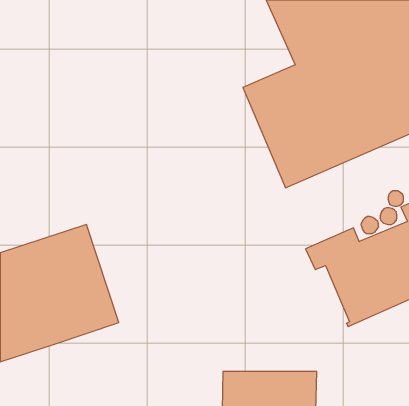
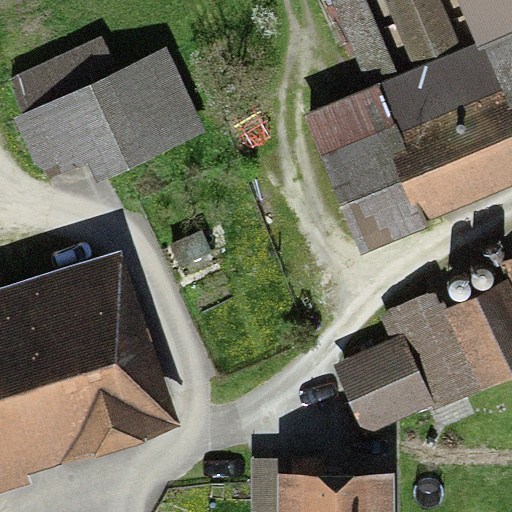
building: none -> [8,38,206,183]
building: none -> [337,336,437,436]

